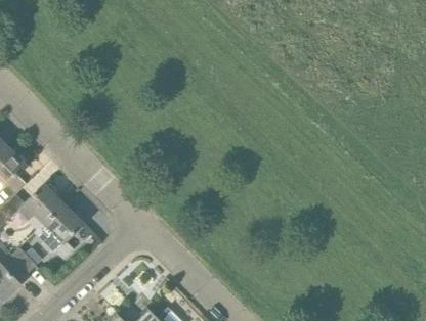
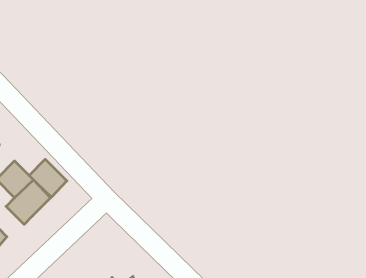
building: none -> [29,159,67,197]

